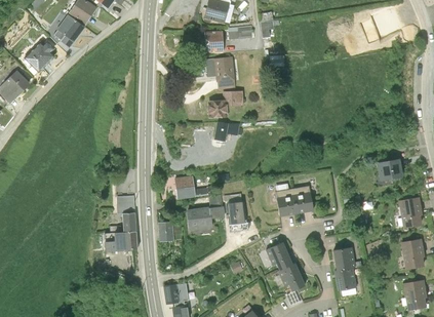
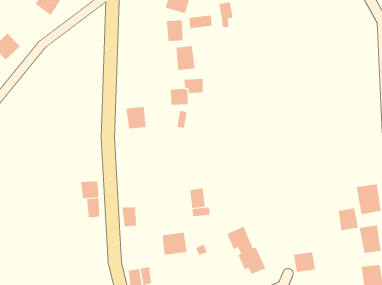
building: [55,14,84,41] -> none
building: [378,157,404,181] -> none
building: [173,175,195,199] -> [126,106,147,129]
building: [278,186,313,215] -> none
building: [187,206,213,230] -> [162,232,188,255]
building: [114,232,137,251] -> none
building: [333,247,355,271] -> [338,208,359,231]

